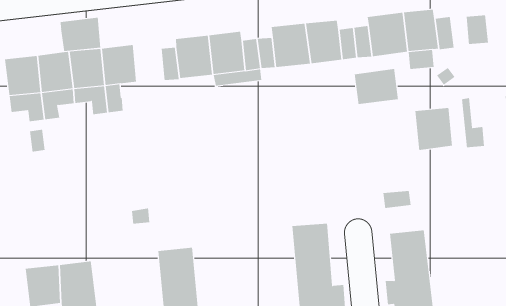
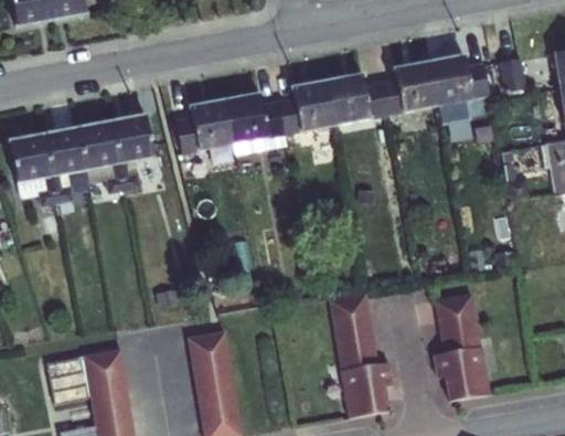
building: [60,17,101,52] -> none
building: [354,68,398,105] -> none
building: [415,107,452,151] -> none

